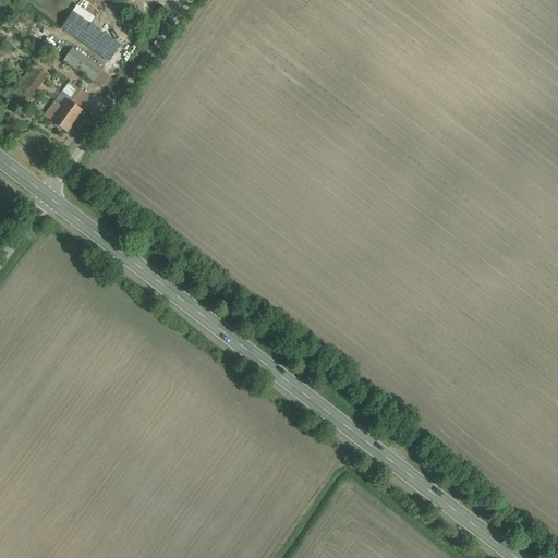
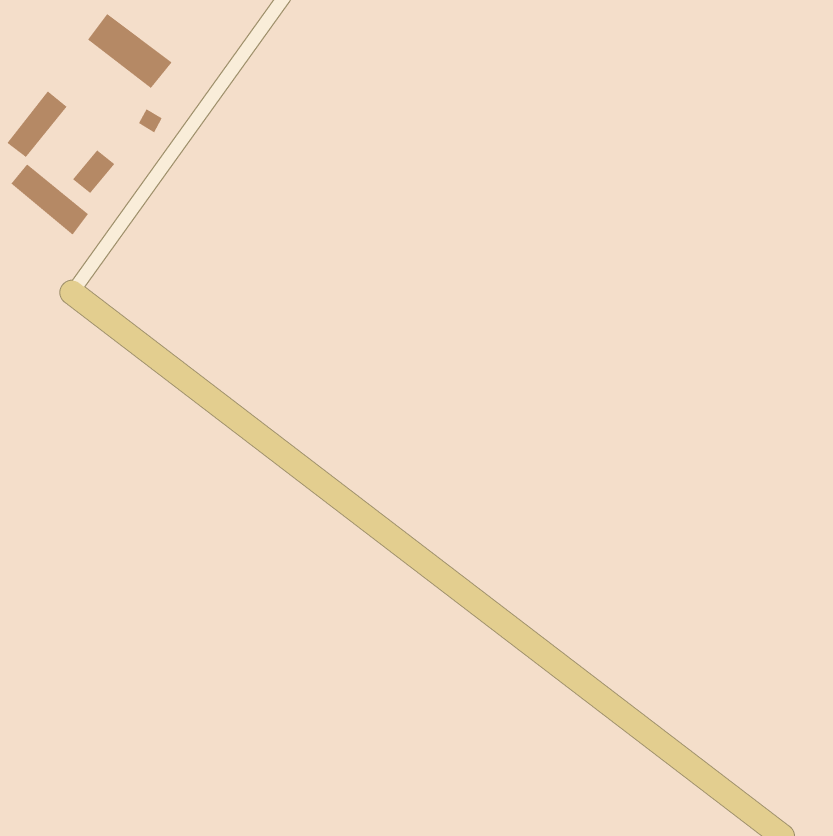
building: [63,45,100,78] -> none
building: none -> [10,164,89,235]

